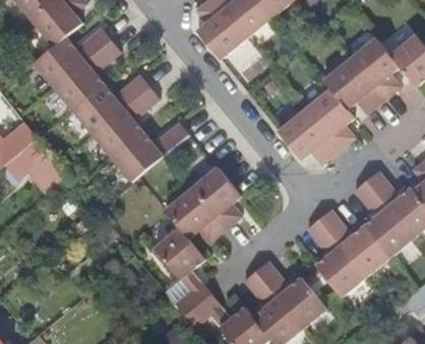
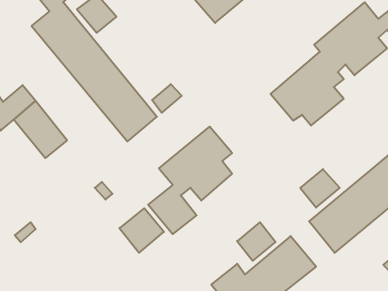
building: [120,76,160,117] -> none
building: [355,170,396,211] -> none
building: [173,282,219,328] -> [119,208,164,253]

